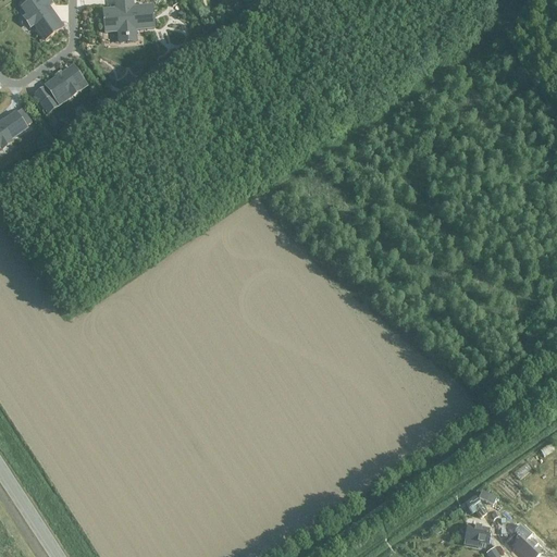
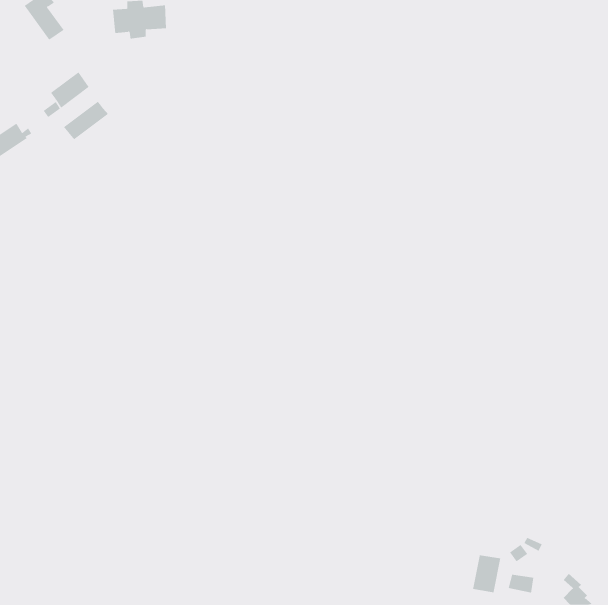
building: none -> [63,101,109,140]
building: none -> [472,554,501,593]

